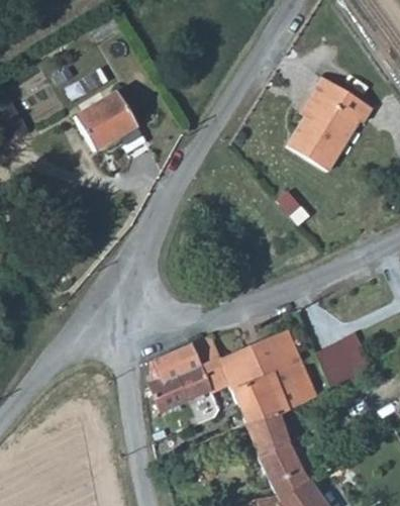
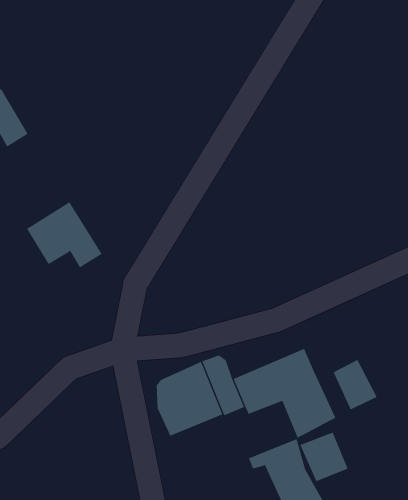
building: [285,76,372,171] -> none
building: [78,93,148,155] -> [26,202,102,268]
building: [236,380,282,426] -> [300,432,348,482]

